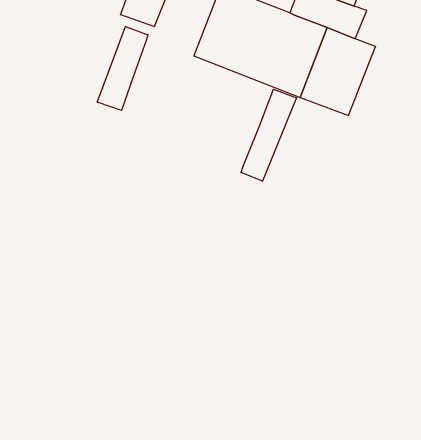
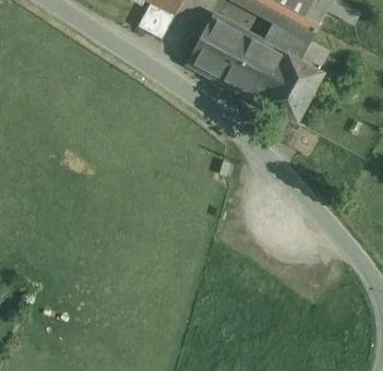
building: [97,27,148,110] -> none
building: [241,89,296,181] -> none

